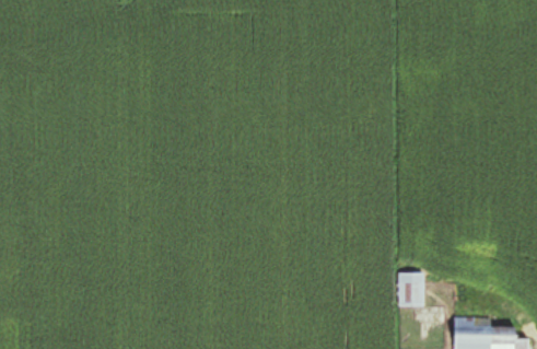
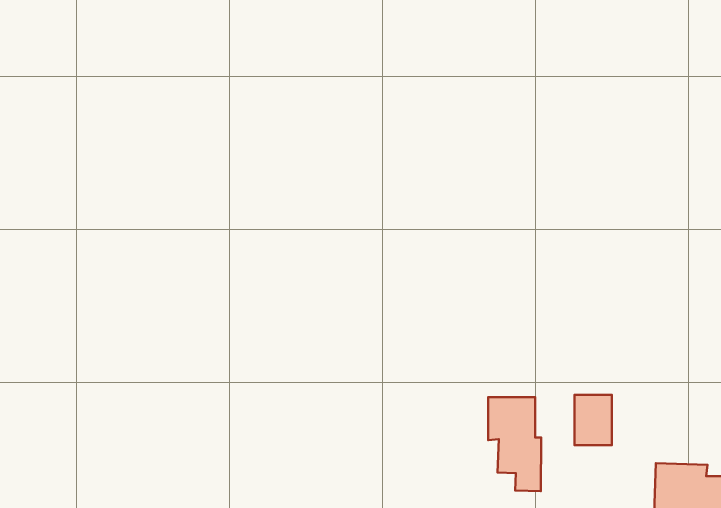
building: none -> [488,397,541,491]

